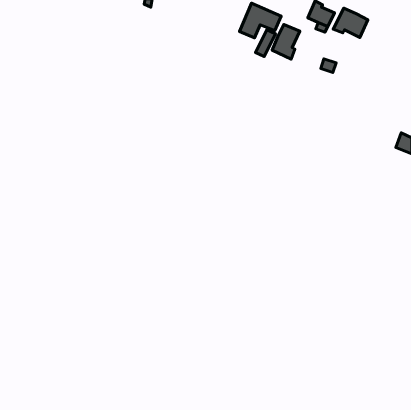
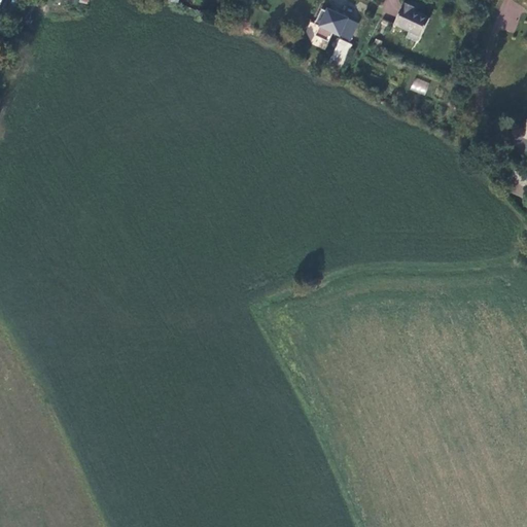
building: [333,8,368,37] -> none
building: [272,24,300,59] -> none

